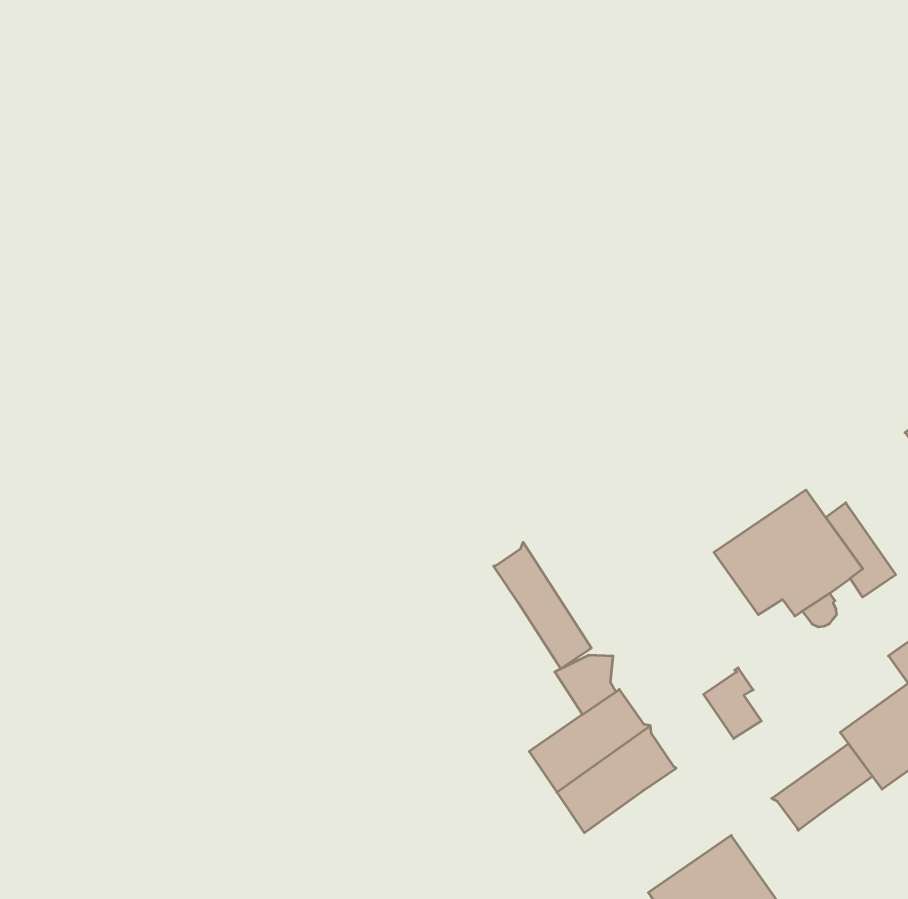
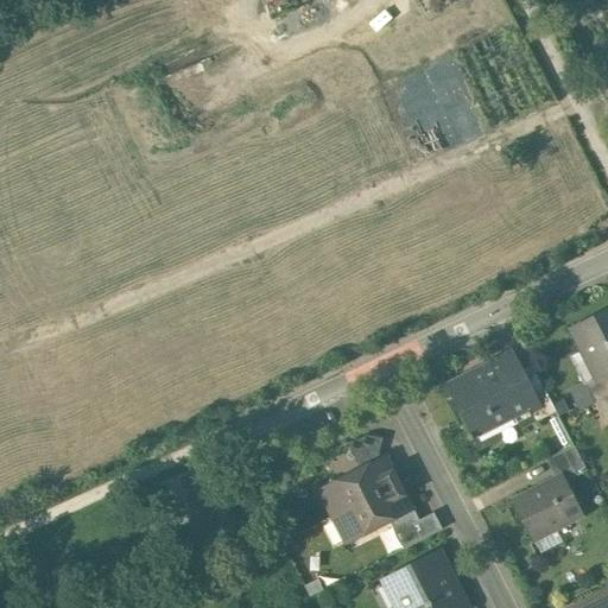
building: [494,542,591,669] -> none
building: [704,668,761,739] -> [388,506,420,547]
building: [772,744,873,830] -> none

